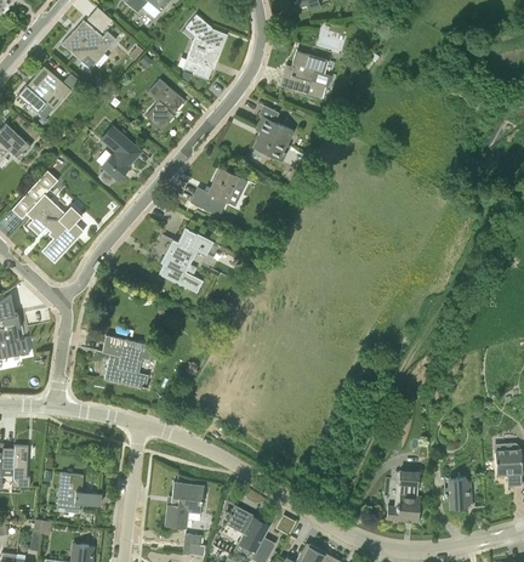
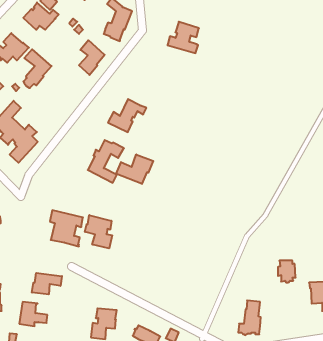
building: [254,104,294,161] -> none
building: [98,125,141,183] -> [23,49,52,88]
building: none -> [116,154,153,184]
building: none -> [85,215,112,248]
building: none -> [32,273,62,294]
building: [444,477,471,510] -> [278,261,296,282]

